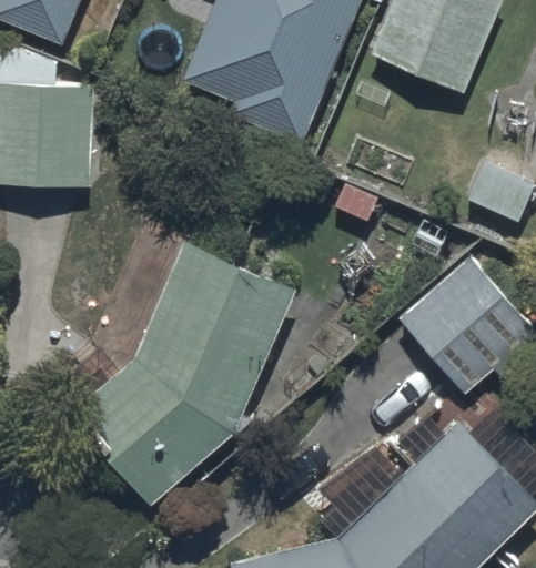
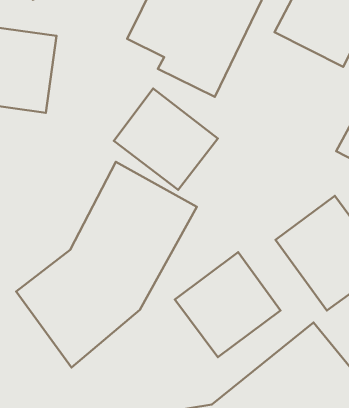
building: none -> [114,89,218,190]
building: none -> [175,252,281,357]

